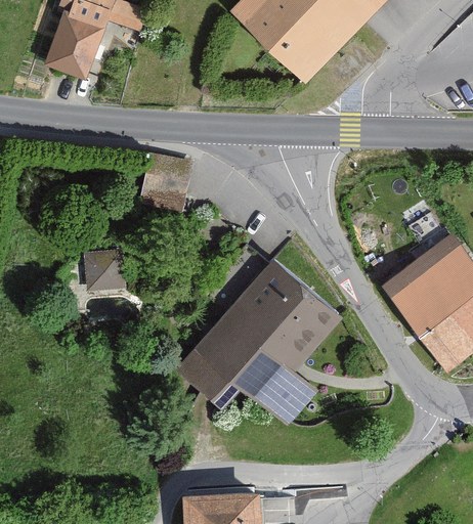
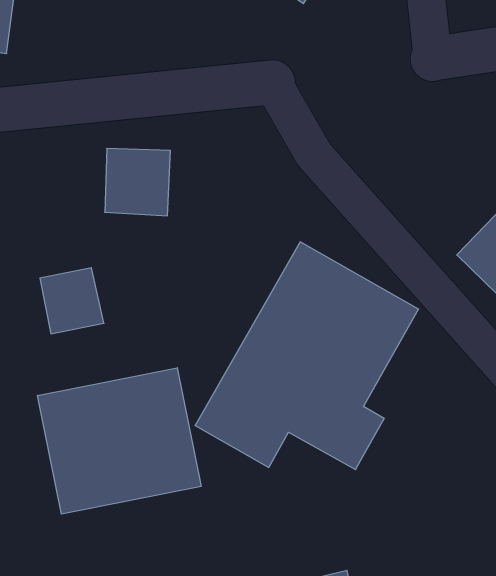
building: none -> [38,368,201,514]

